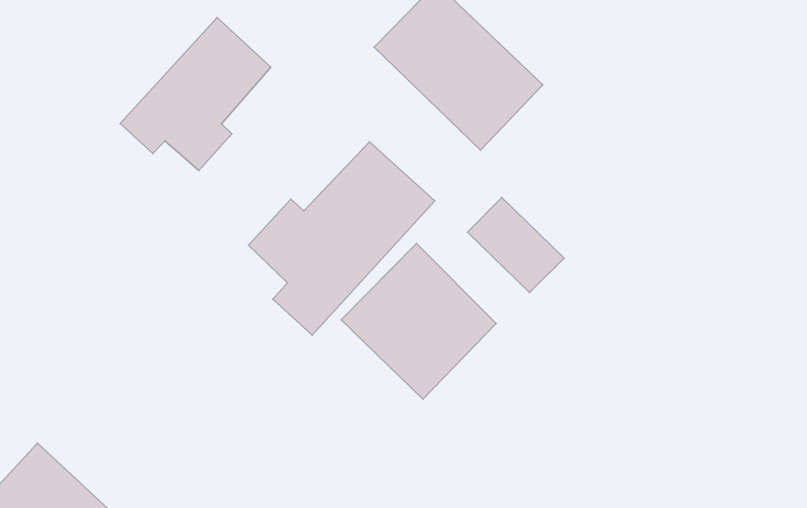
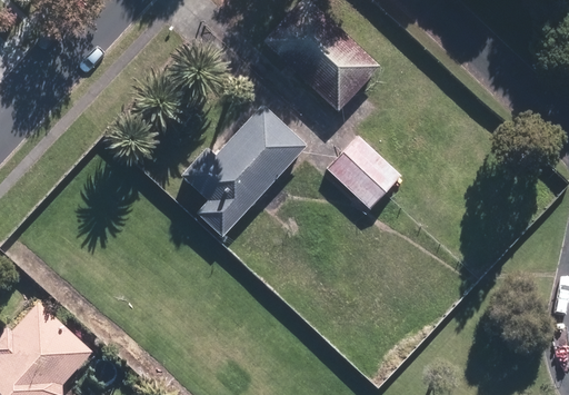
building: [120,17,271,170] -> none
building: [341,244,496,399] -> none

